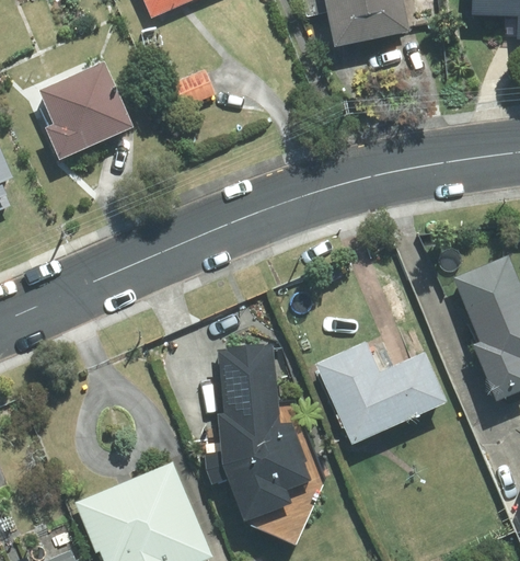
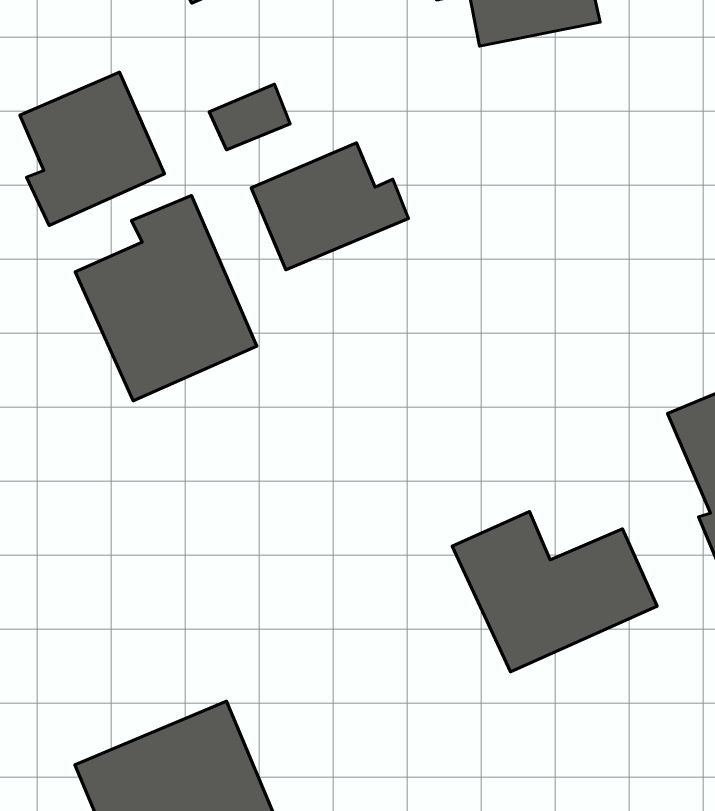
building: none -> [251,143,408,270]
building: none -> [75,196,257,401]
building: [204,346,315,520] -> none

